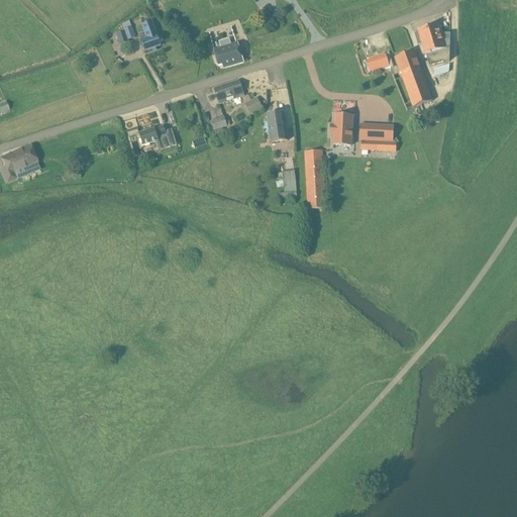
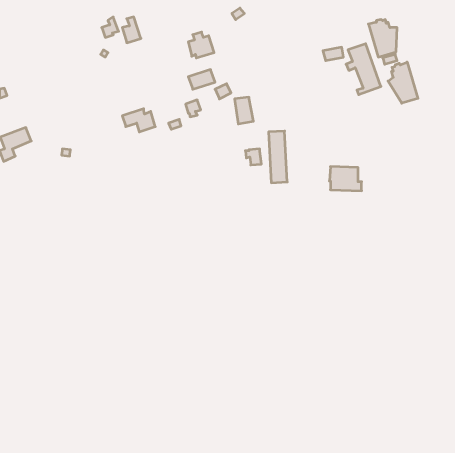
building: none -> [388,62,418,103]
building: [329,113,351,143] -> none
building: [359,122,396,149] -> [329,167,362,191]

